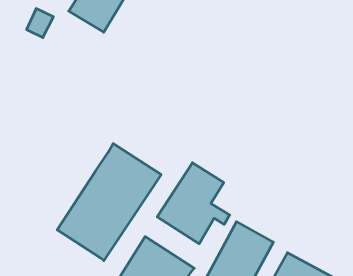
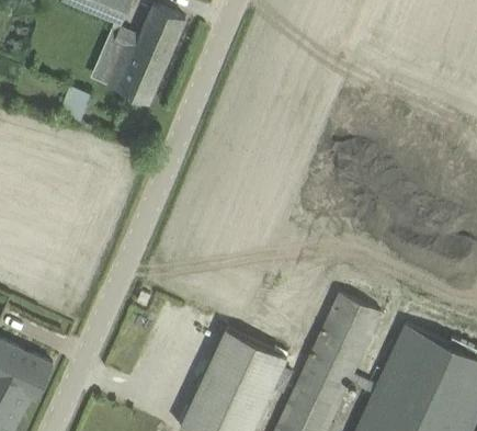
building: [57,144,161,261] -> none
building: [157,163,230,244] -> none

